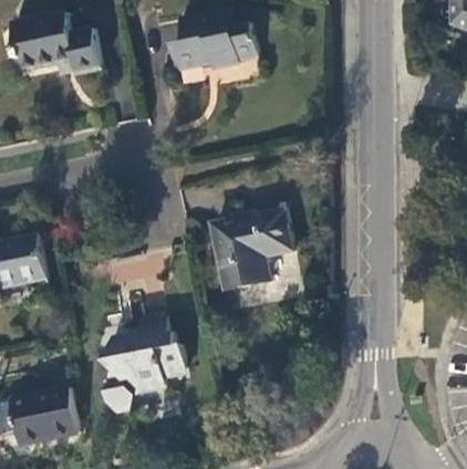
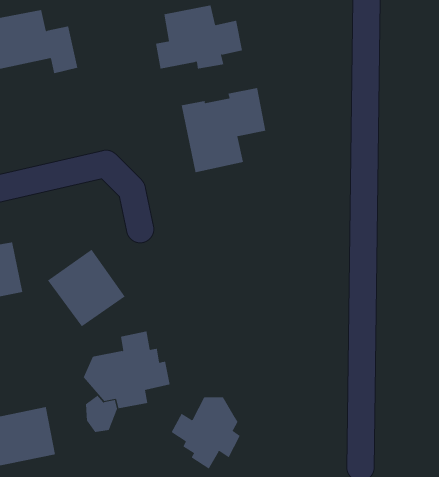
building: [211,210,292,291] -> [181,88,266,173]
building: none -> [47,249,125,327]
building: none -> [171,397,241,470]

